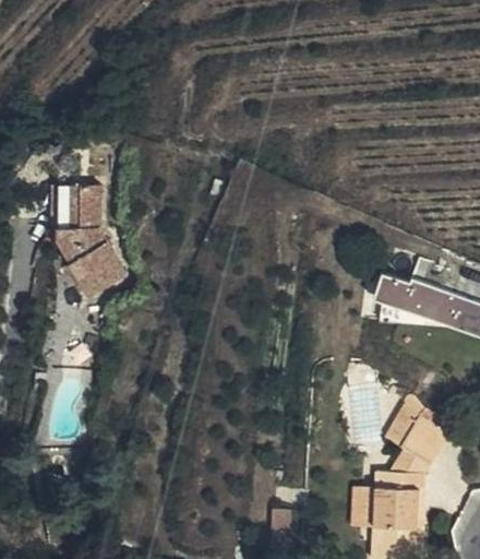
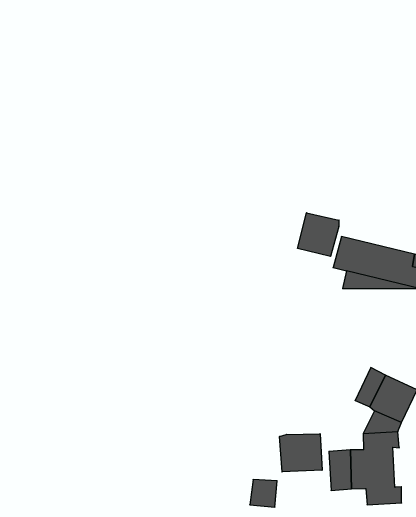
building: [59,186,124,297] -> none
building: none -> [298,213,339,256]
building: none -> [280,434,322,472]

